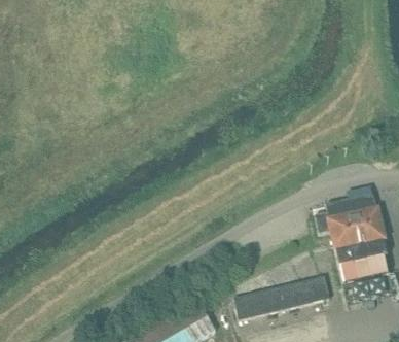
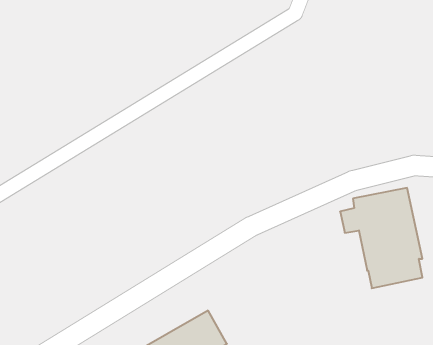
building: [233,275,331,319] -> none

